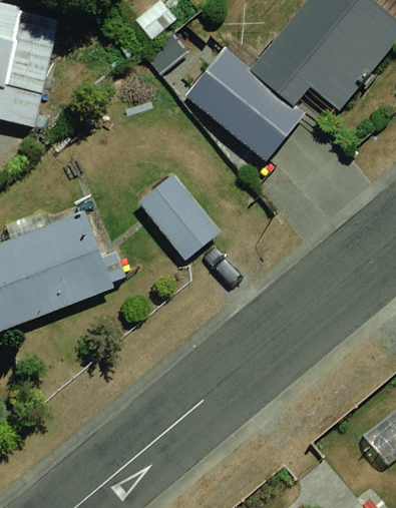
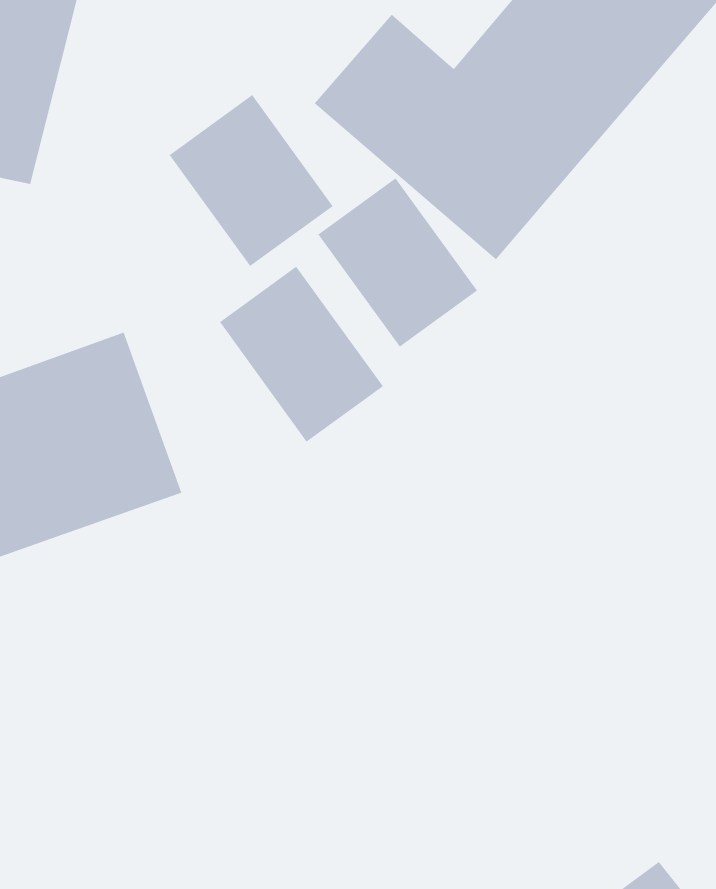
building: none -> [169,94,334,267]
building: none -> [317,177,478,348]

